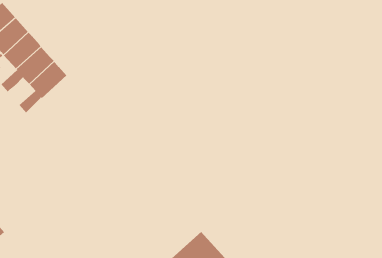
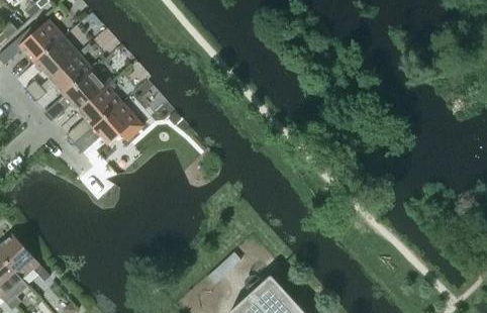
building: none -> [74,101,142,152]

